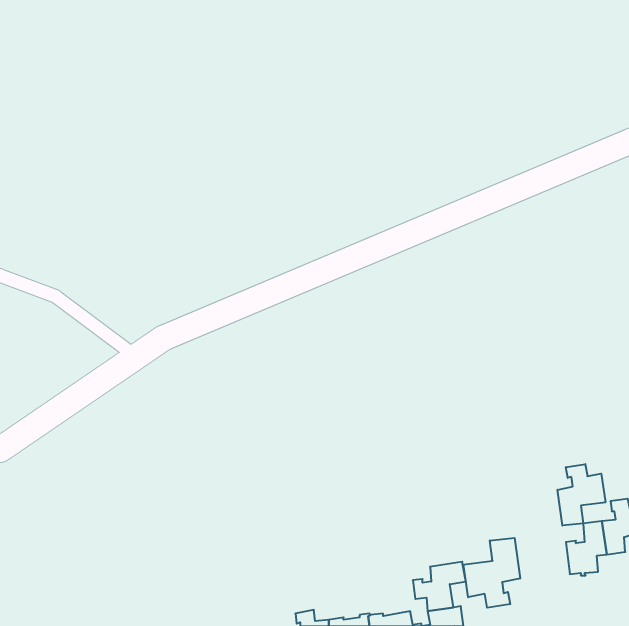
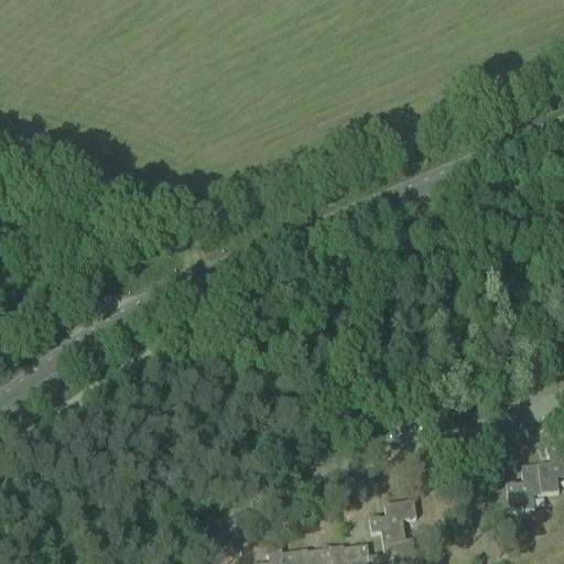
building: [558,464,605,526] -> none
building: [463,538,520,608] -> none

